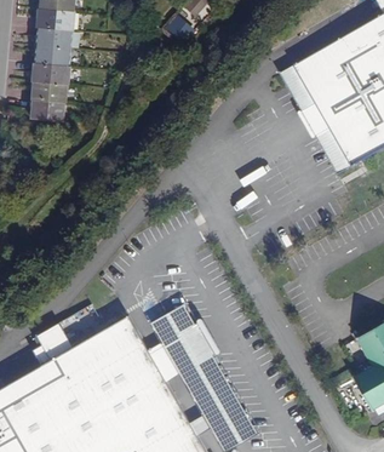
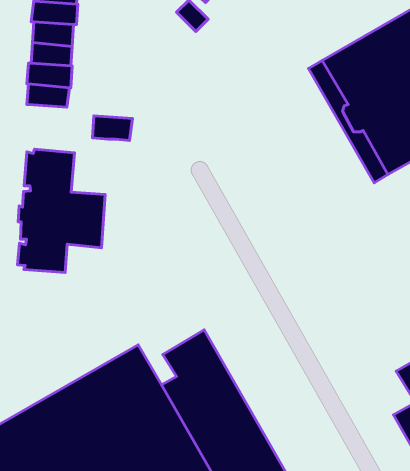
building: [29,103,64,125] -> [93,116,132,141]
building: none -> [18,149,105,273]

